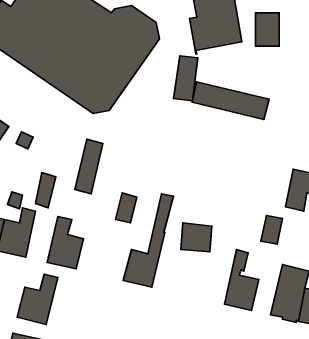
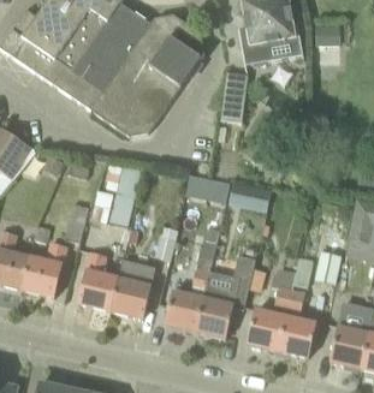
building: [192,82,269,119] -> [185,169,272,212]
building: none -> [196,269,235,338]
building: none -> [247,272,293,350]
building: [17,274,58,325] -> [111,262,156,318]

